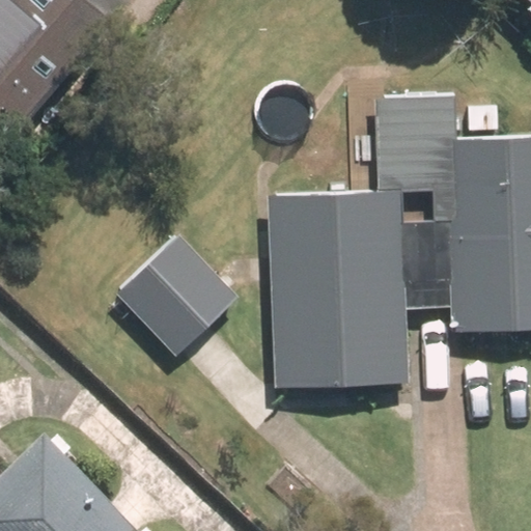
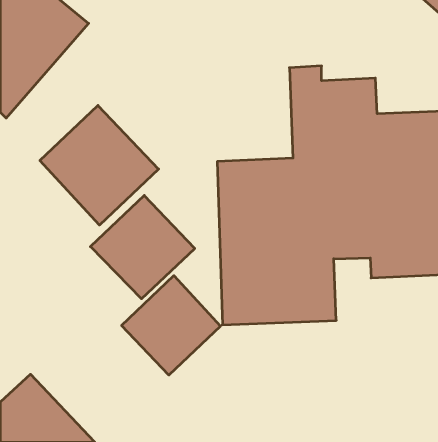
building: none -> [40,105,159,225]
building: none -> [122,276,220,375]

